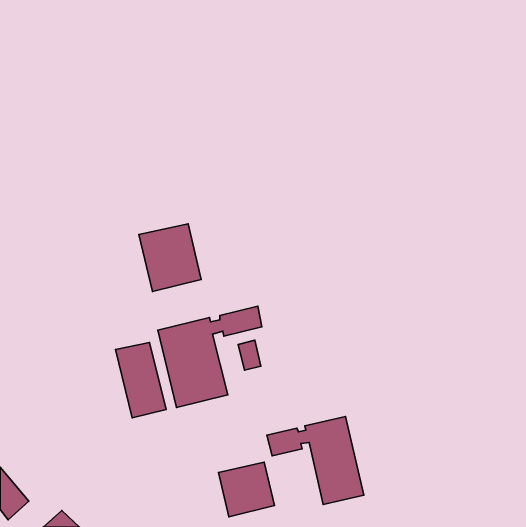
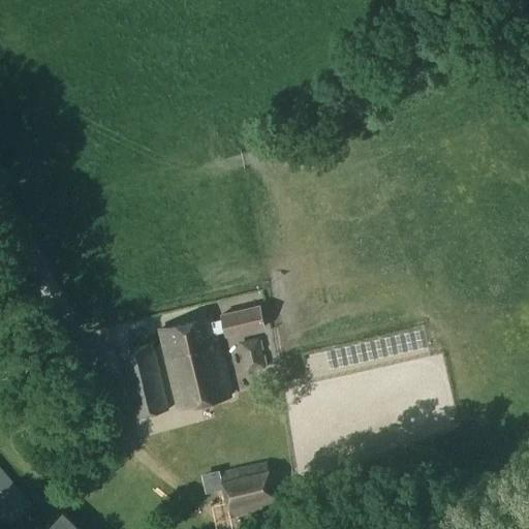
building: [139,224,201,292] -> none
building: [267,416,364,504] -> none

